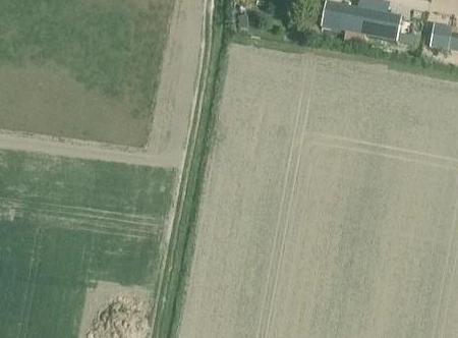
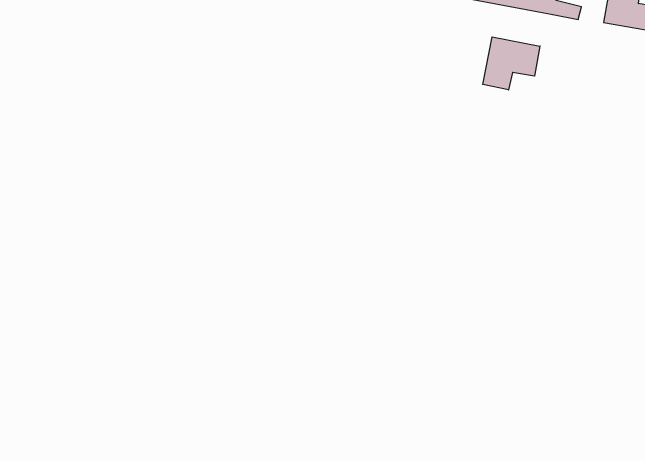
building: none -> [483,37,540,90]

